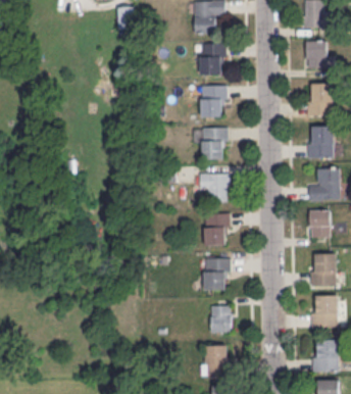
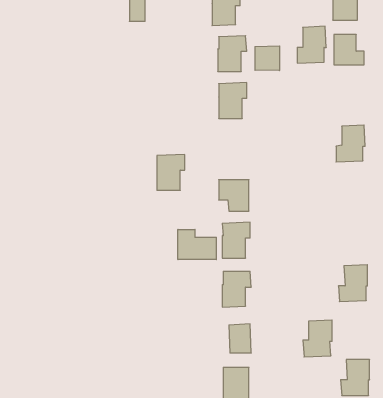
building: none -> [255,46,279,71]
building: [306,83,333,116] -> [297,26,326,63]
building: [201,128,227,160] -> [157,155,185,190]
building: [308,167,341,202] -> none
building: [309,211,329,238] -> none
building: none -> [178,229,216,260]
building: [310,294,337,328] -> [303,320,332,357]

